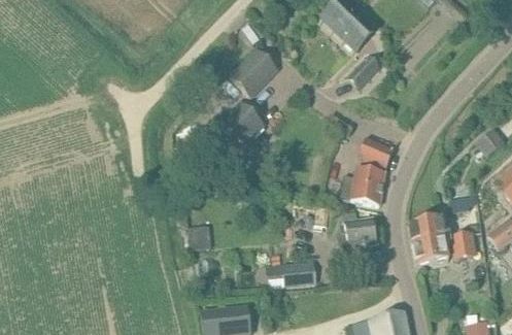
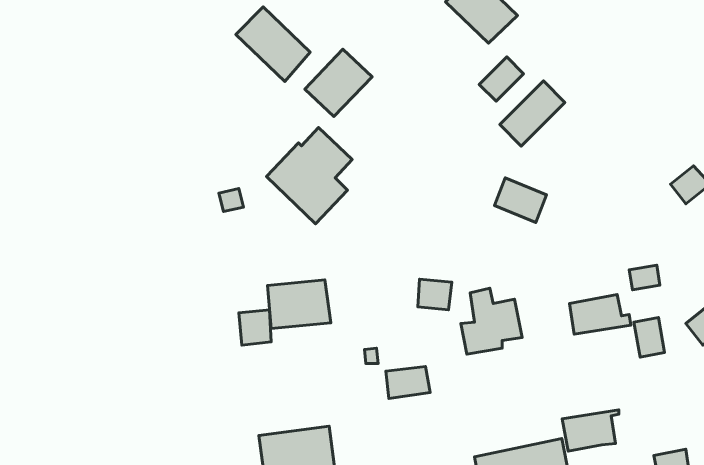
building: none -> [236,7,310,82]
building: none -> [500,81,565,146]
building: [341,166,386,204] -> none
building: none -> [267,280,331,328]
building: [413,236,451,264] -> [562,410,619,451]

